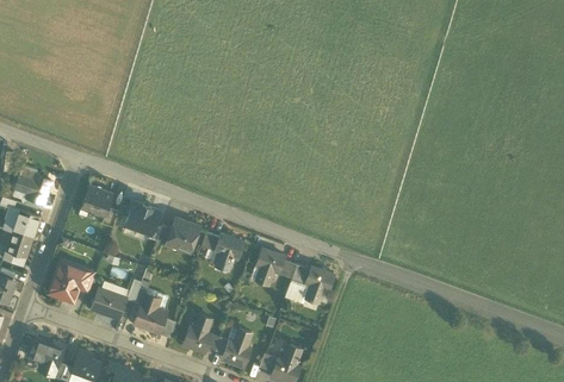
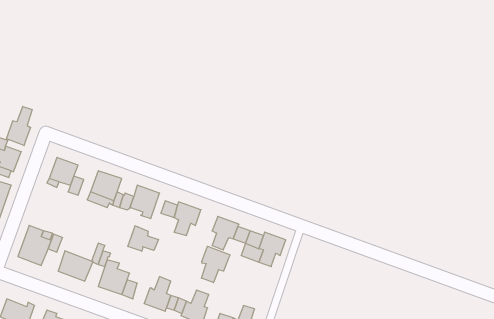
building: none -> [6,106,32,146]
building: none -> [128,226,158,251]
building: none -> [201,246,230,283]

